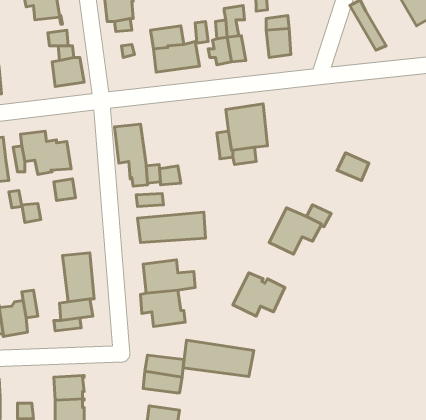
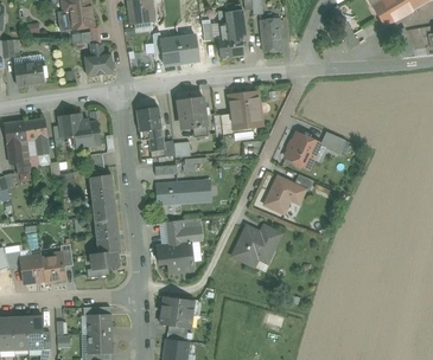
building: none -> [177,96,208,129]
building: none -> [285,131,320,167]
building: none -> [90,173,116,214]
building: [183,340,254,377] -> none

